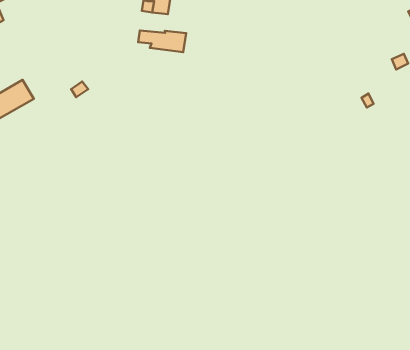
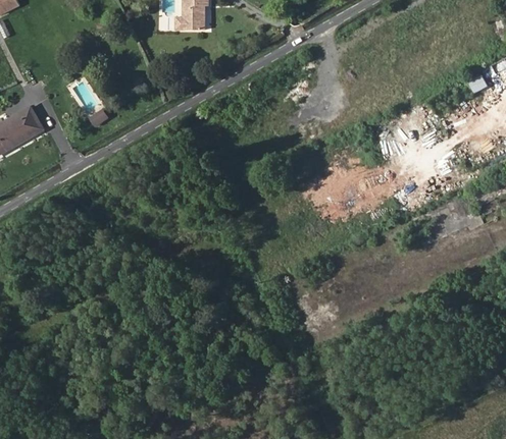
building: [138,30,186,52] -> none

